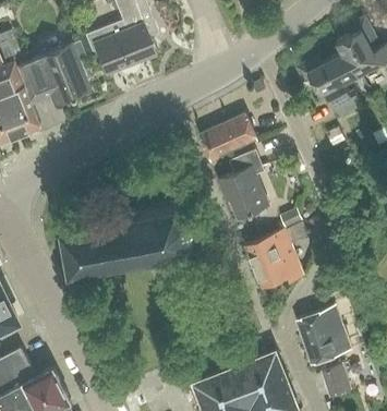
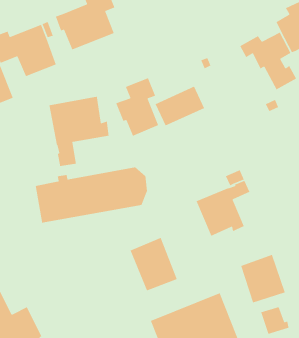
building: none -> [49,96,110,167]
building: [217,152,267,220] -> [115,77,159,137]
building: none -> [130,237,178,291]

